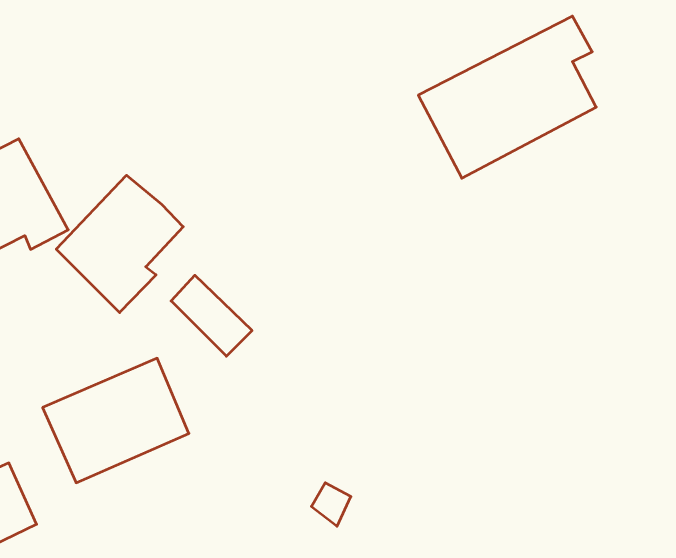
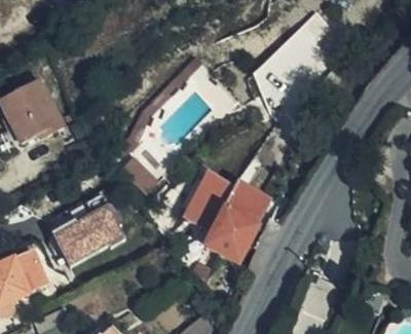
building: [56,175,183,313] -> none
building: none -> [183,173,267,263]

